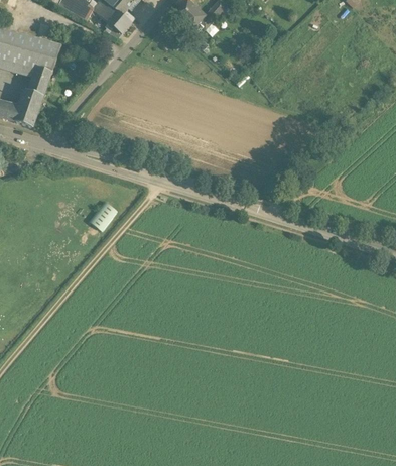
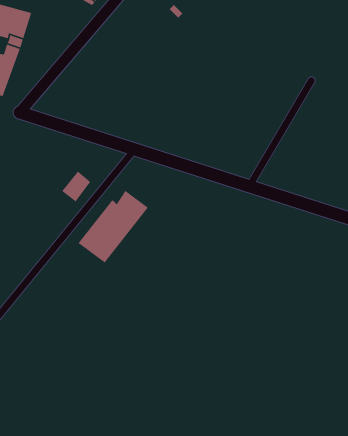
building: none -> [78,190,149,264]

